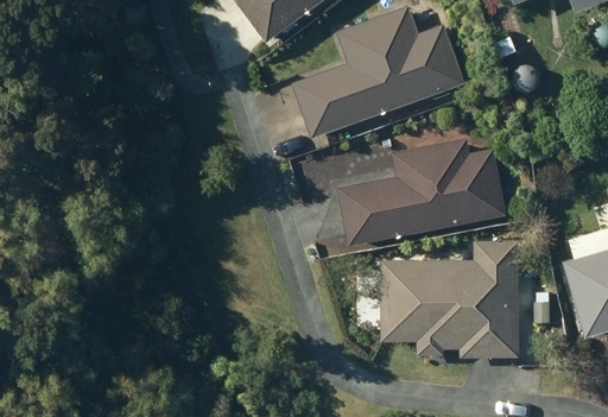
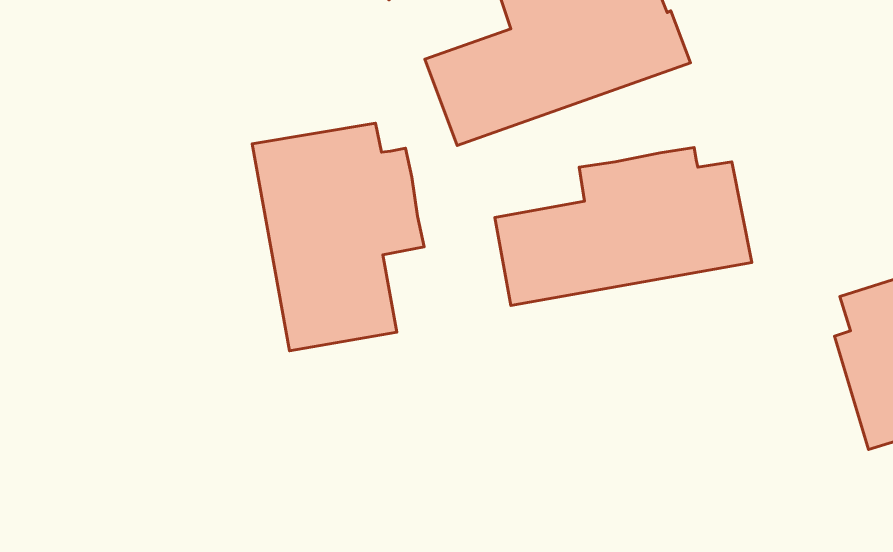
building: none -> [252,123,424,351]
building: [386,240,525,361] -> none

